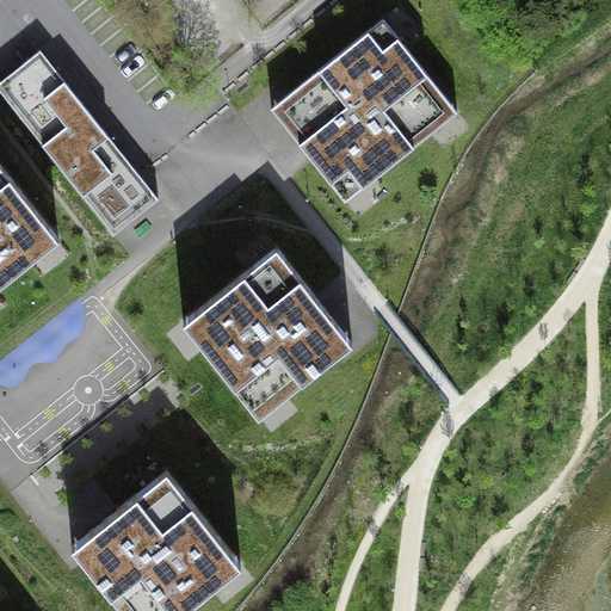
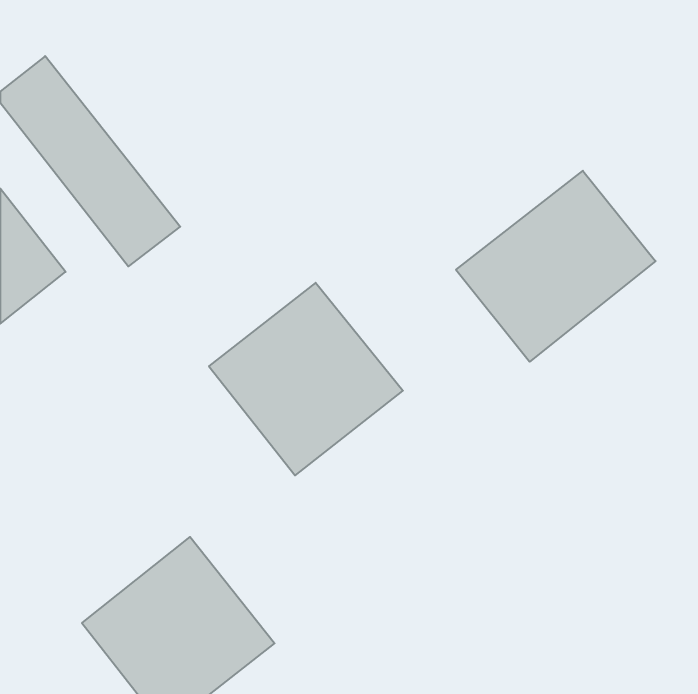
building: [271,21,457,204] -> none
building: none -> [456,171,656,362]

